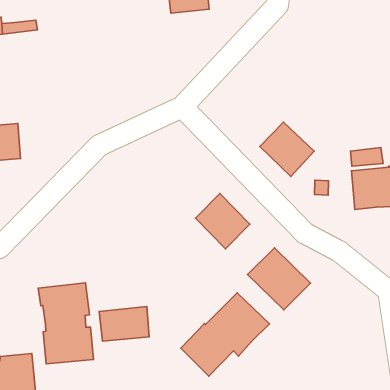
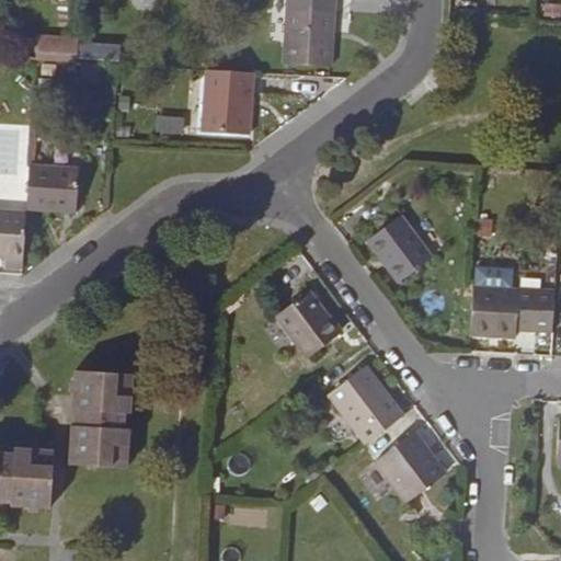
building: none -> [202,69,253,135]
building: [181,293,269,376] -> none
building: none -> [375,431,445,503]
building: [99,306,149,341] -> none

